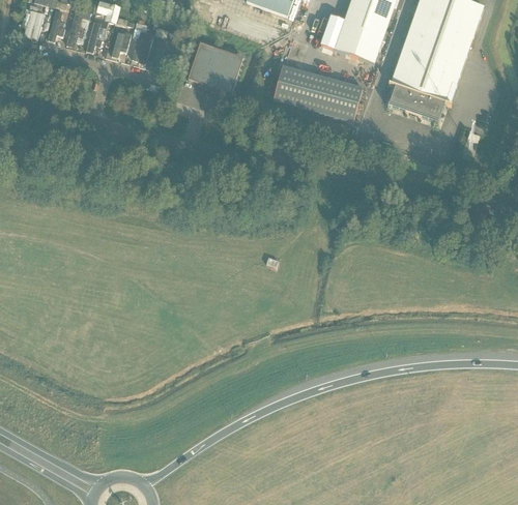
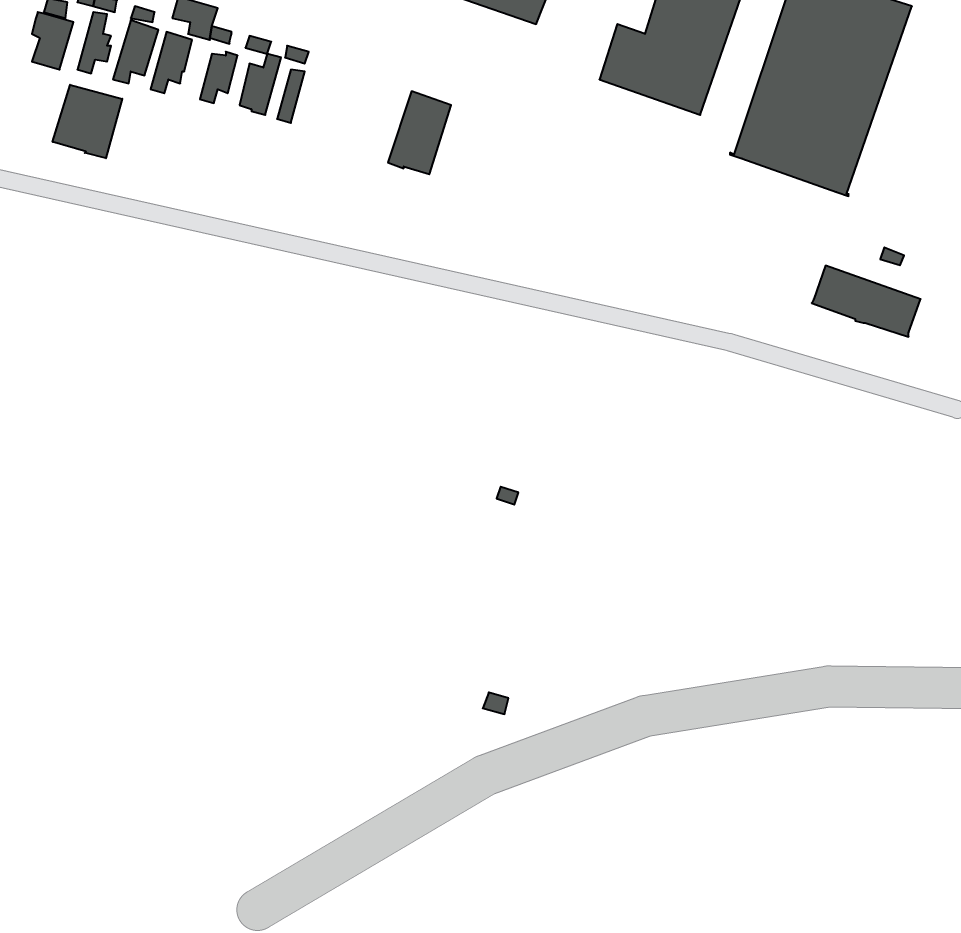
building: [189,41,223,86] -> none
building: none -> [53,85,122,158]
building: [274,64,364,120] -> none
building: [388,84,445,121] -> [812,266,921,337]

